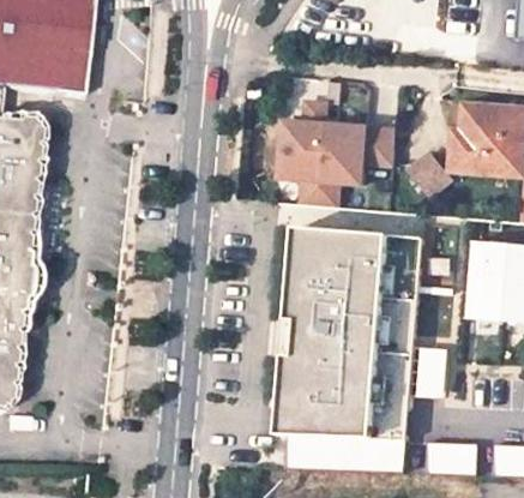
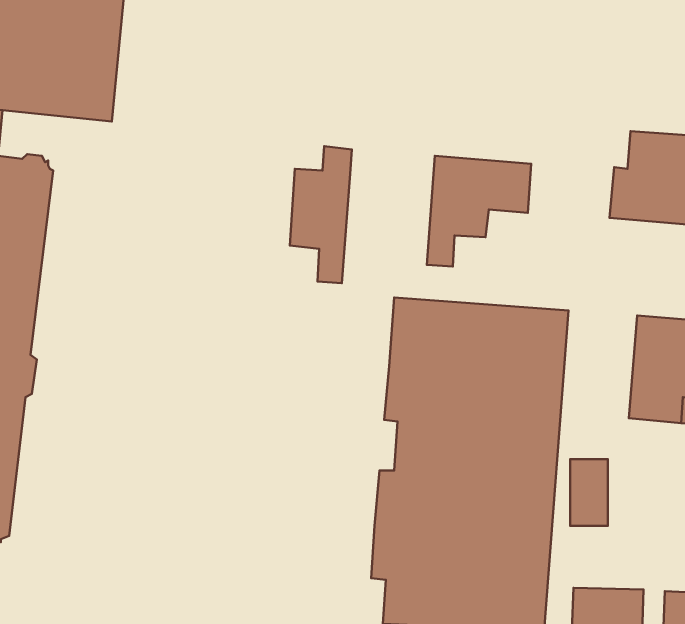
building: [278,102,324,203] -> [290,146,352,283]
building: [406,149,456,198] -> none

